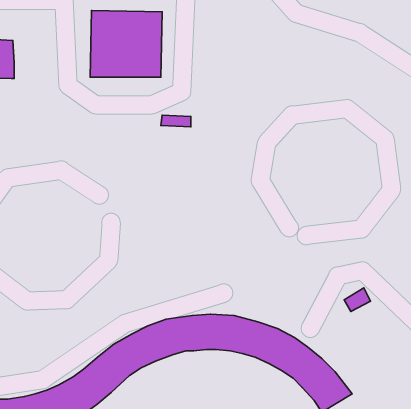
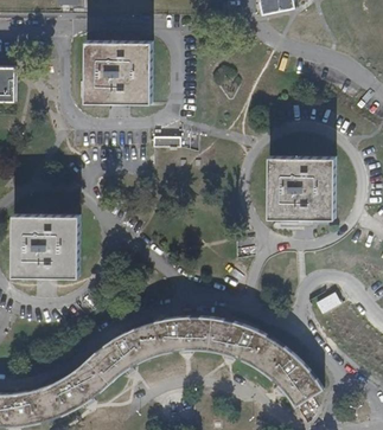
building: none -> [267,158,333,217]
building: none -> [12,216,78,276]

